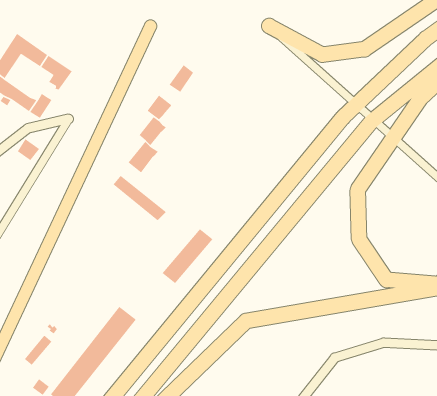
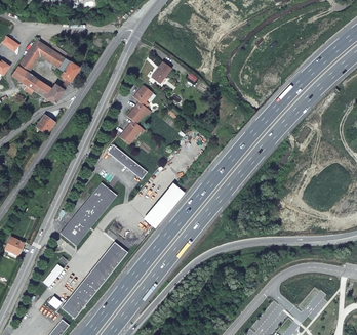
building: none -> [65,185,115,242]

